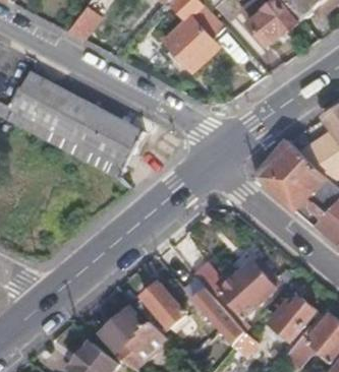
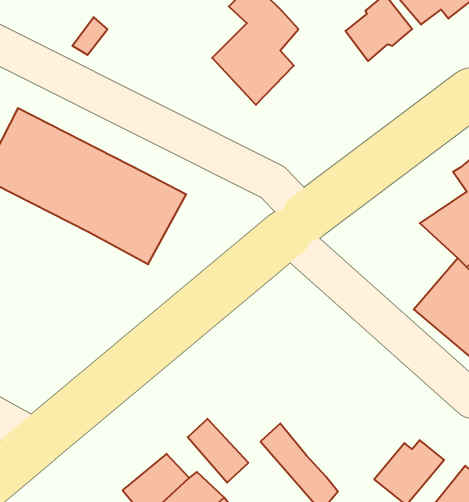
building: [258,140,326,209] -> none
building: [196,262,275,321] -> none

